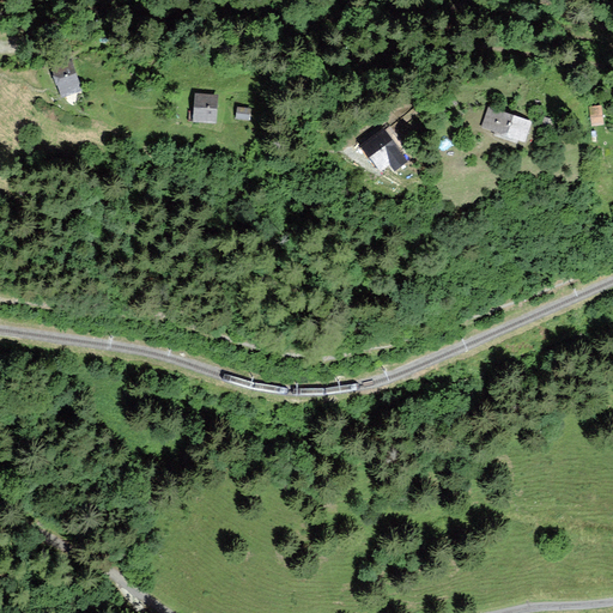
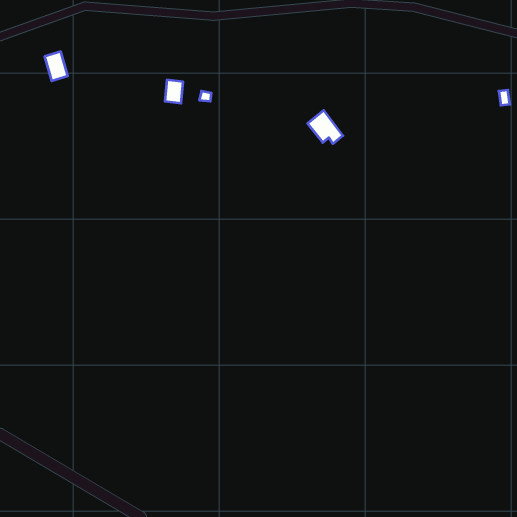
building: [484,108,530,140] -> none

